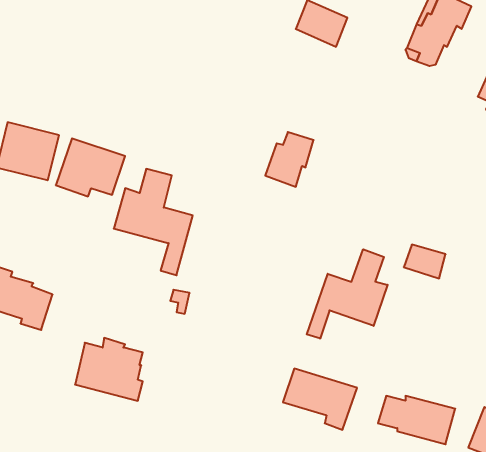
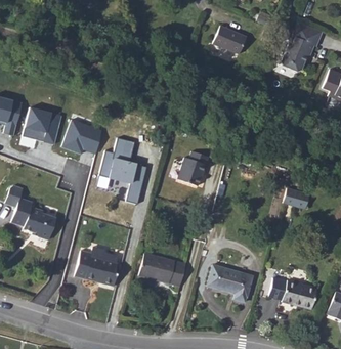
building: [265,132,314,187] -> [175,148,206,183]
building: [307,249,388,339] -> none
building: none -> [140,250,186,282]

